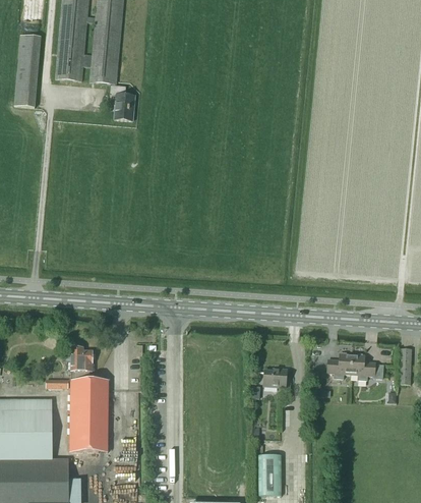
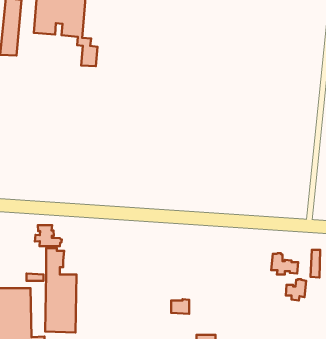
building: none -> [35,225,62,246]
building: [326,352,352,379] -> [286,279,306,300]
building: [263,368,286,386] -> [171,299,189,314]

